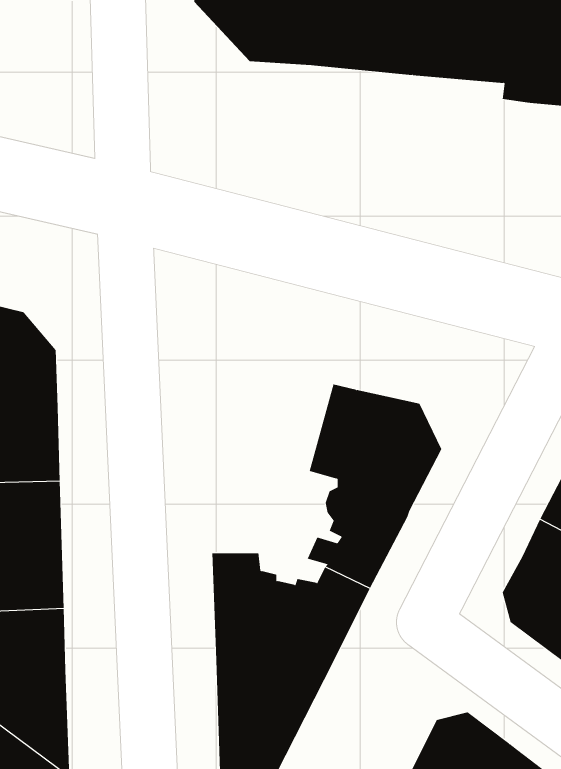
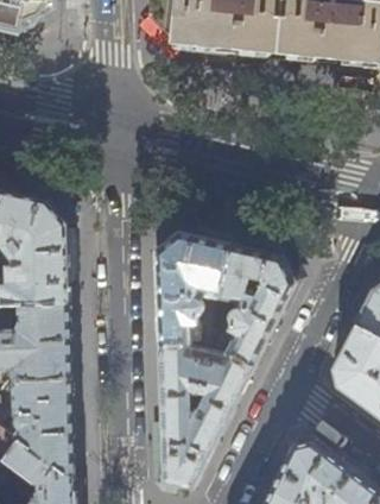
building: none -> [153,234,229,347]

